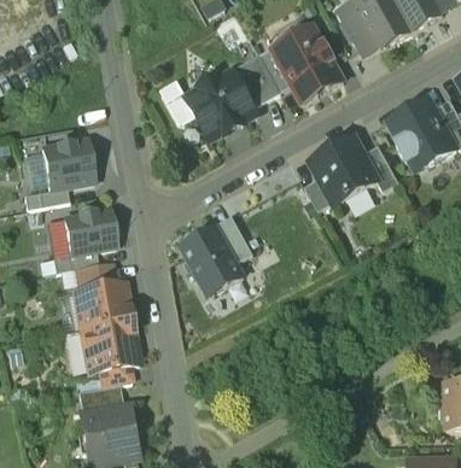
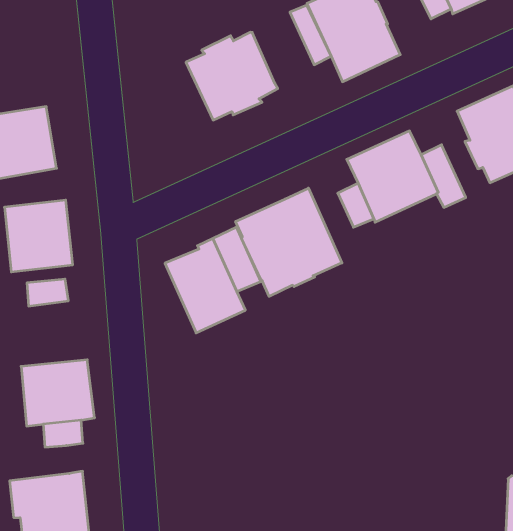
building: [230,54,280,107] -> none
building: none -> [236,188,342,296]
building: [74,283,129,328] -> none
building: [77,384,122,411] -> none

